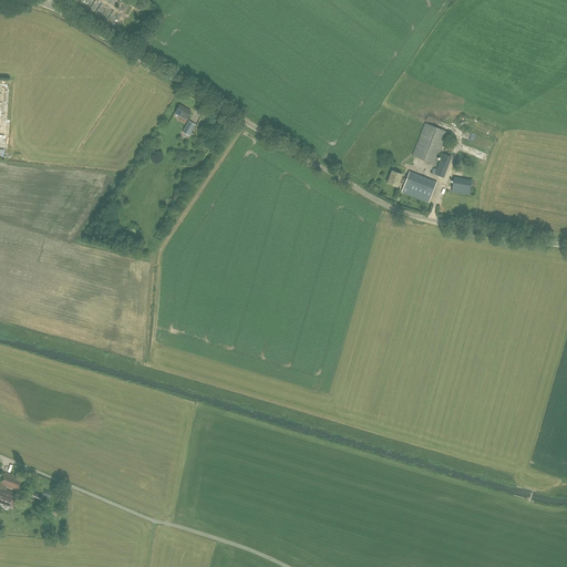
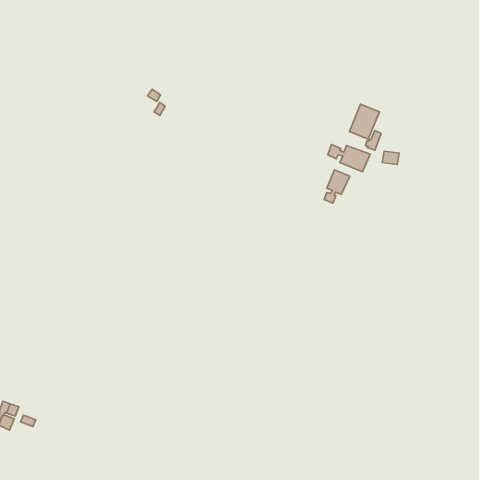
building: none -> [324,170,350,203]

